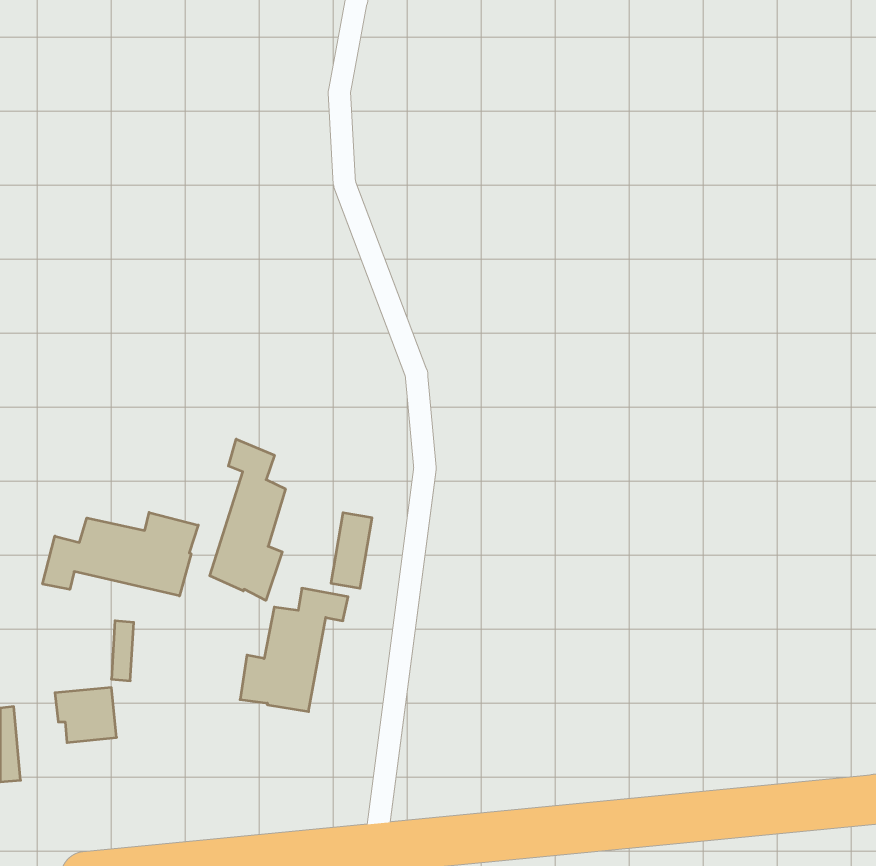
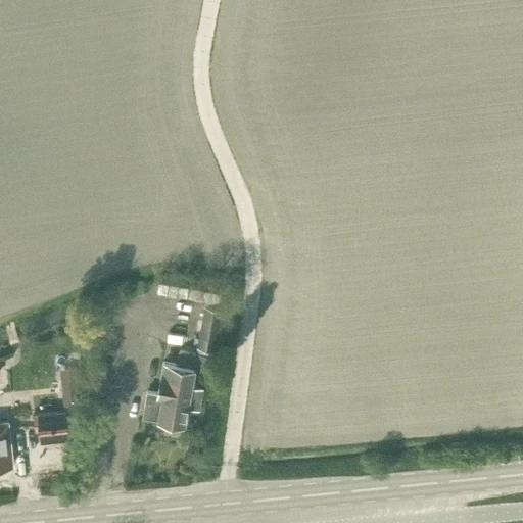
building: [210,439,285,600] -> none
building: [43,512,198,596] -> none

